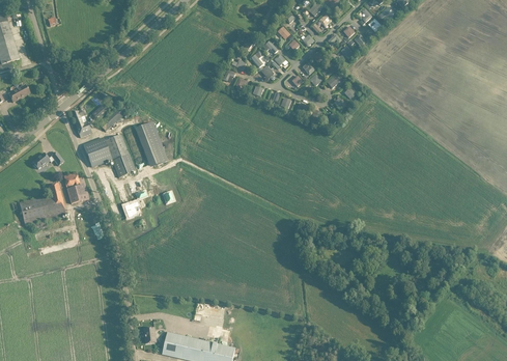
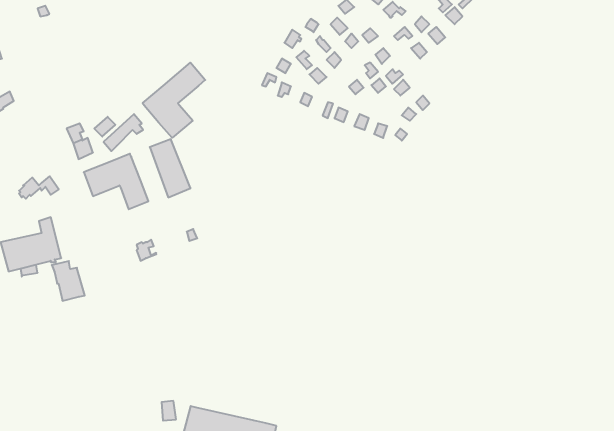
building: none -> [143,63,205,138]
building: [62,171,88,202] -> [52,261,85,301]

